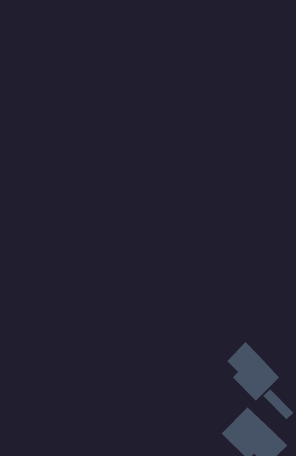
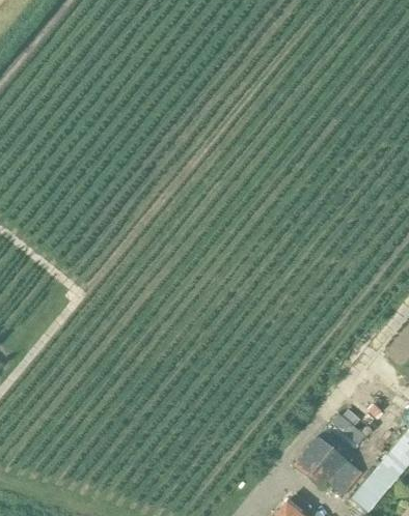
building: [226,341,280,401] -> none

